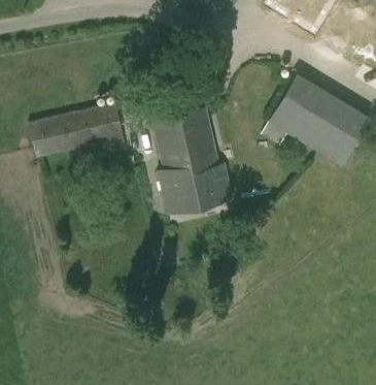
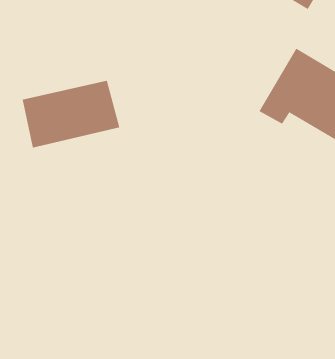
building: [150,106,231,212] -> none

